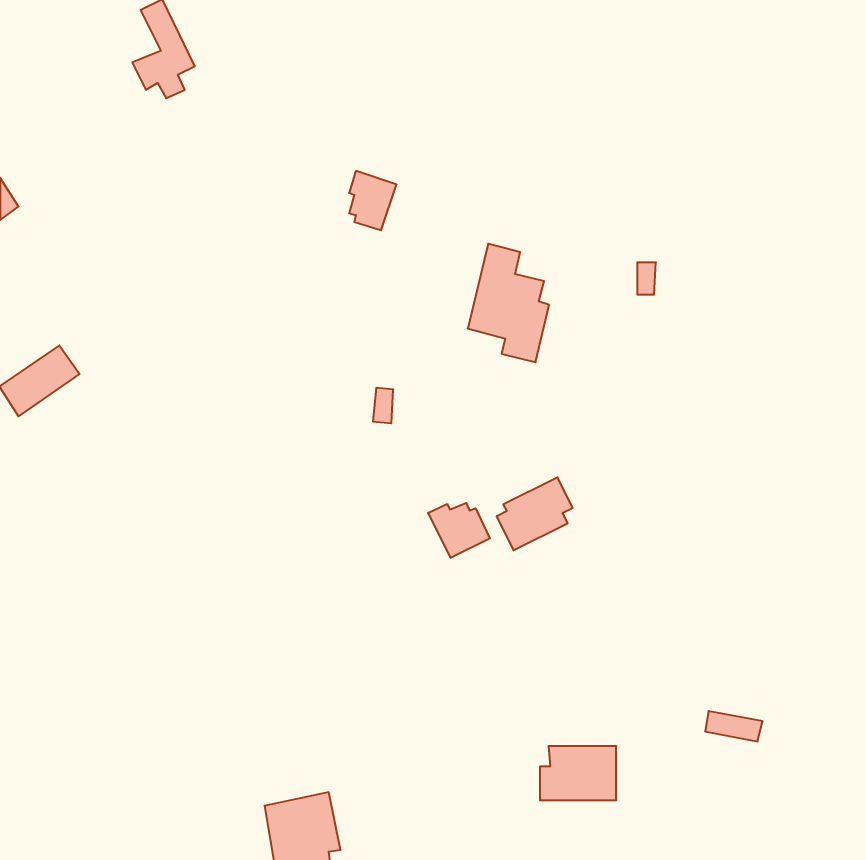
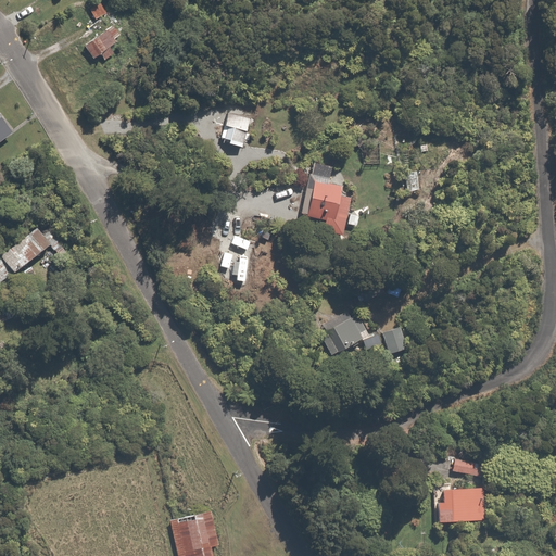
building: [428,503,490,558] -> none
building: none -> [380,327,407,355]
building: [540,746,616,800] -> [435,486,484,521]

